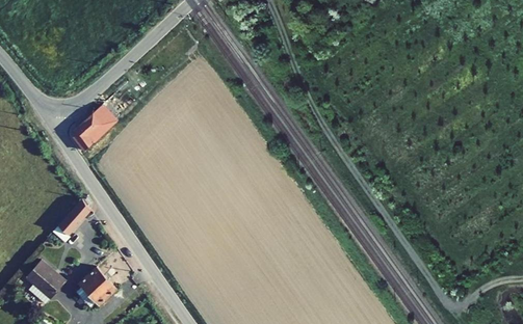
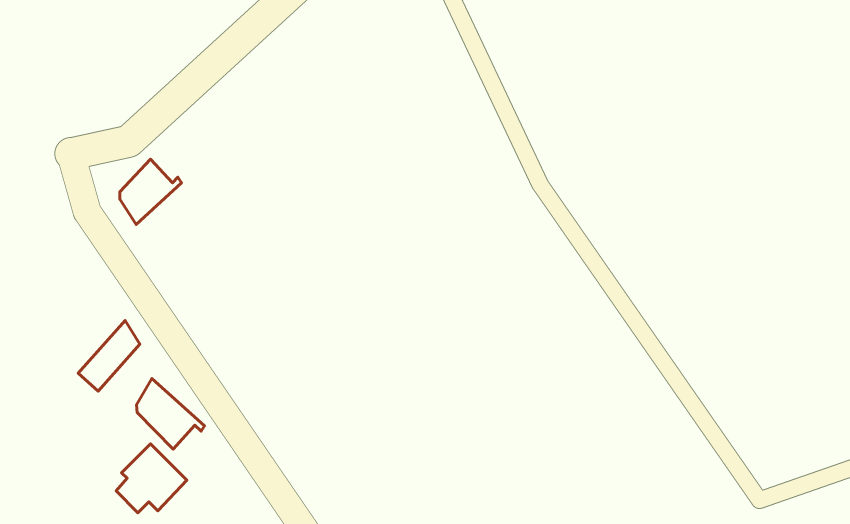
building: none -> [136,379,205,449]
building: [26,262,66,305] -> none

